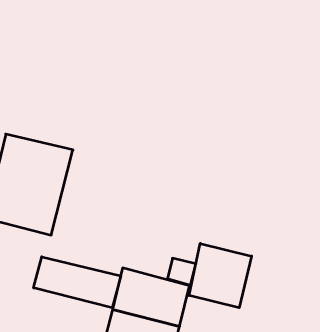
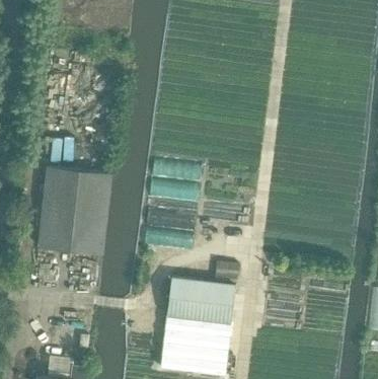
building: [189,243,252,308] -> none
building: [34,257,121,308] -> none

